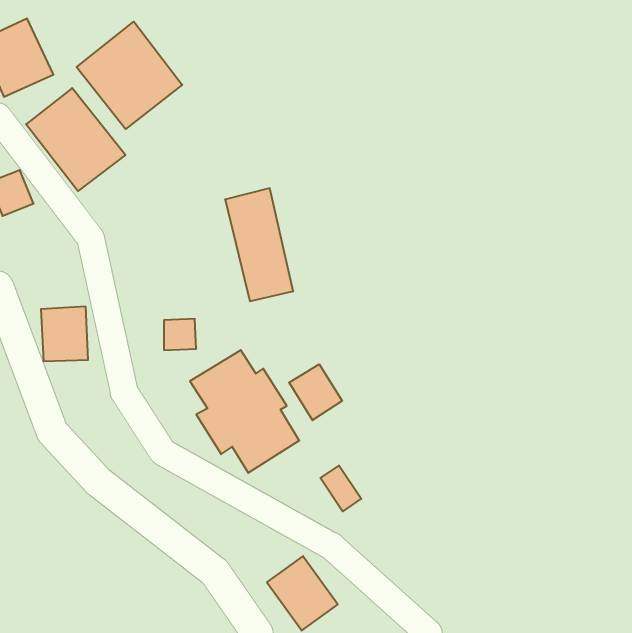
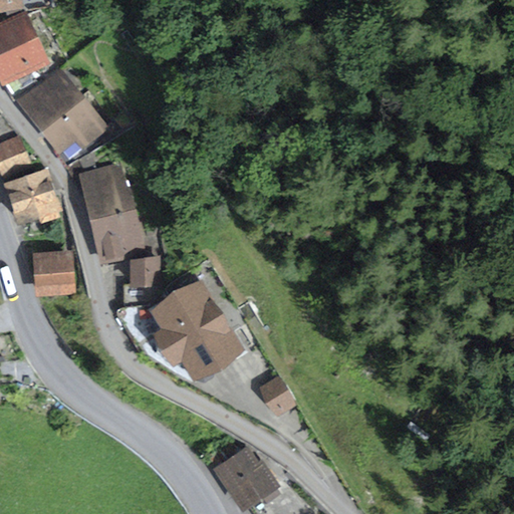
building: [77,22,182,129] -> none
building: [225,188,293,301] -> [82,165,138,256]
building: none -> [5,172,55,220]
building: [289,364,342,420] -> none

